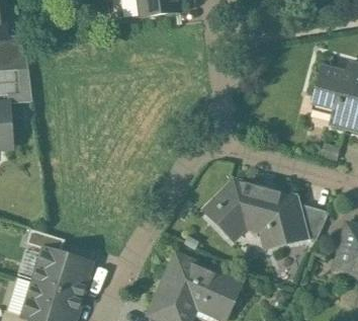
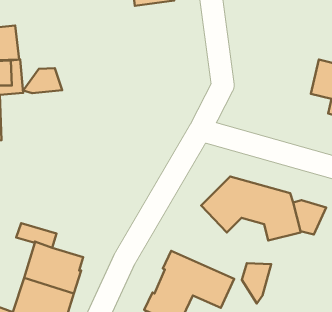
building: none -> [23,68,62,93]
building: none -> [242,263,271,303]

